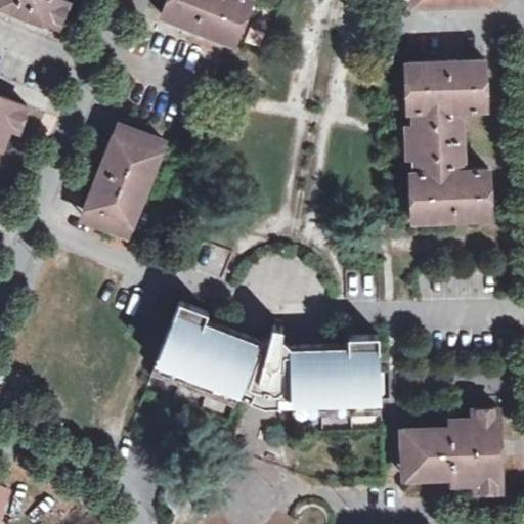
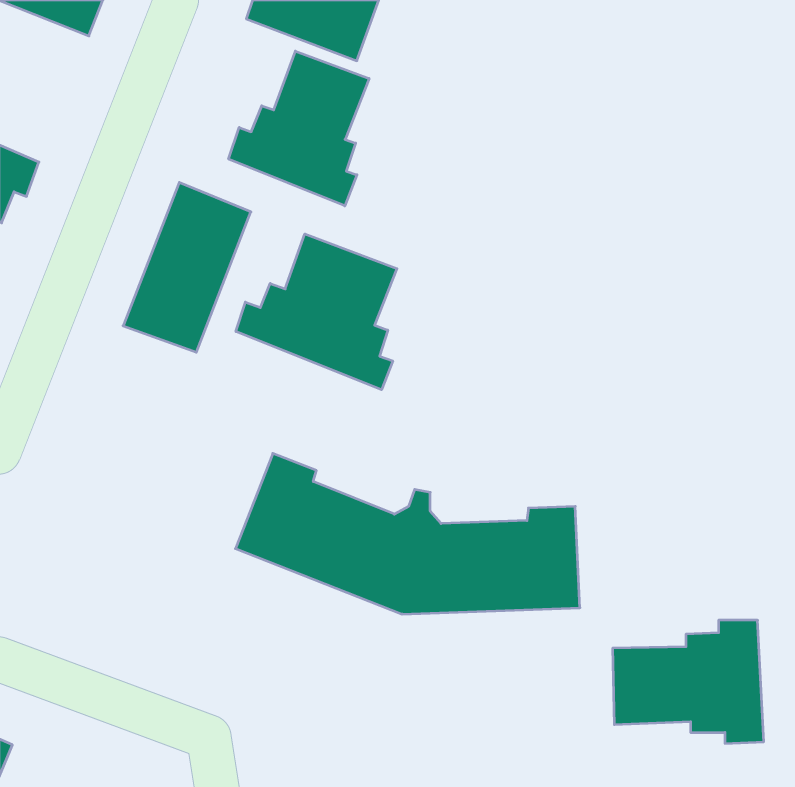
building: none -> [229,51,369,206]
building: [406,63,490,223] -> none
building: none -> [236,234,397,390]

